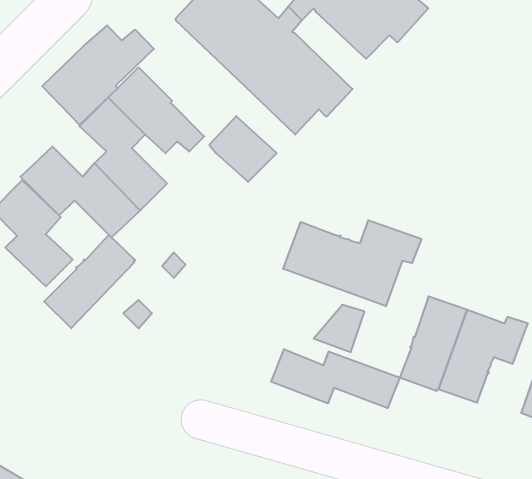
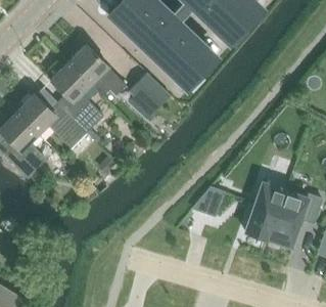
building: [42,25,154,125] -> none
building: [283,220,421,306] -> none
building: [44,235,135,328] -> none
building: [271,349,400,408] -> none

